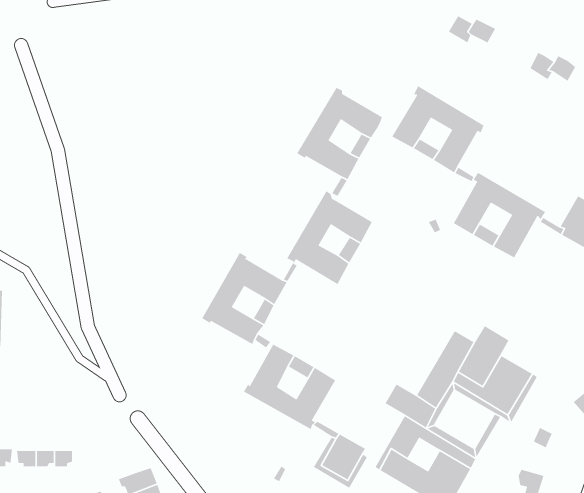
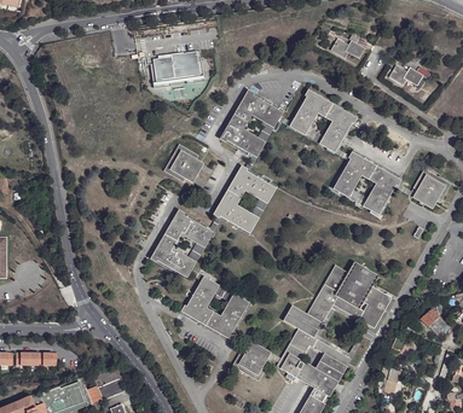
building: none -> [151,50,203,78]
building: none -> [166,144,204,182]

